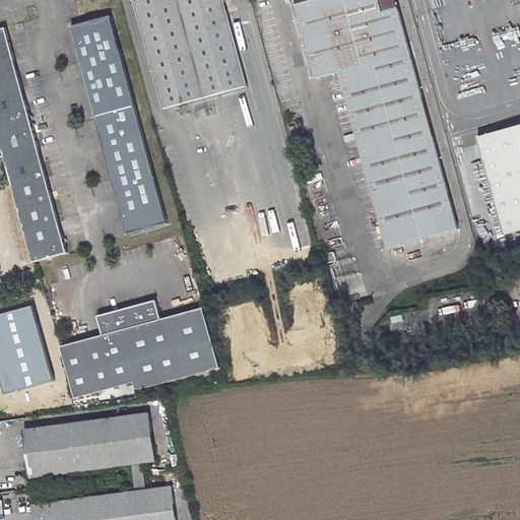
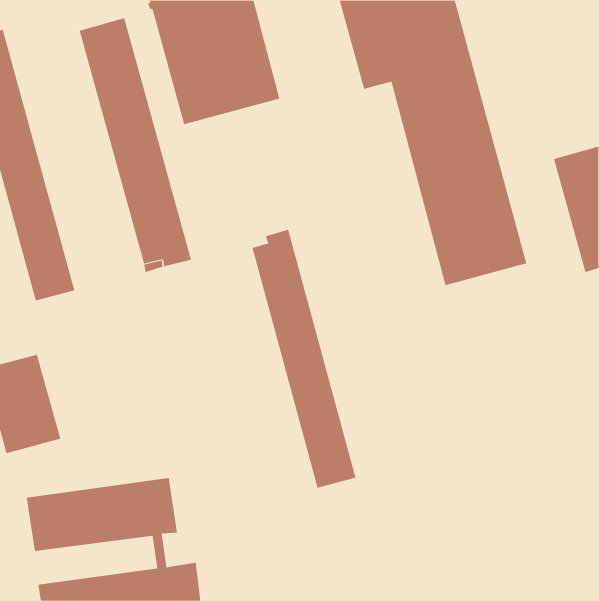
building: none -> [252,229,356,489]
building: [59,302,217,399] -> none

